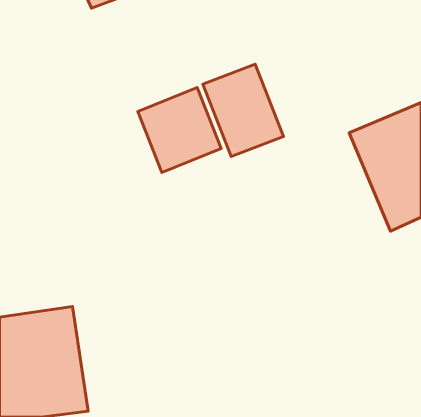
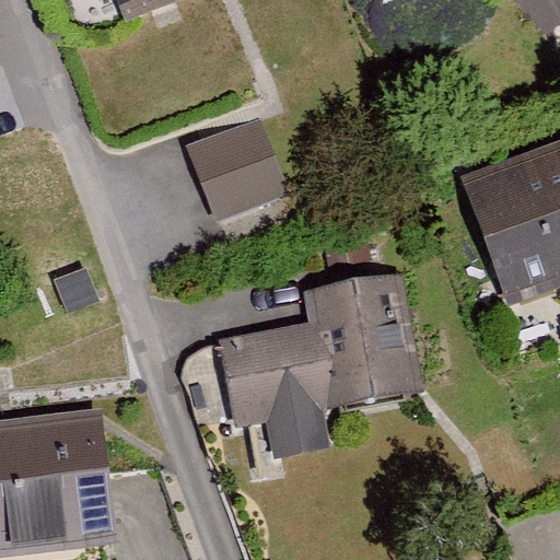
building: [203,64,283,156] -> none
building: none -> [212,272,406,464]

